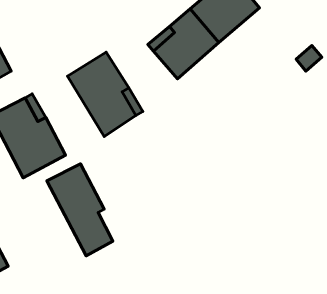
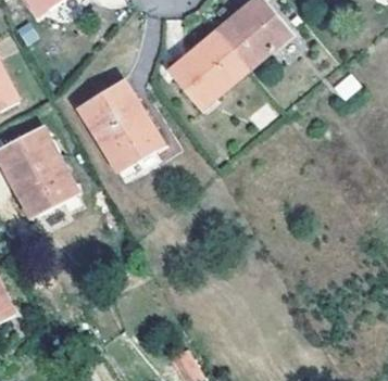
building: [47,164,113,256] -> none

